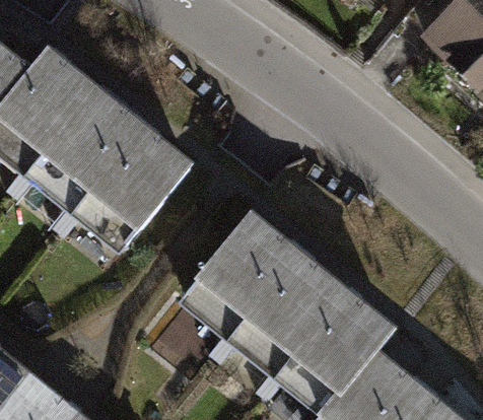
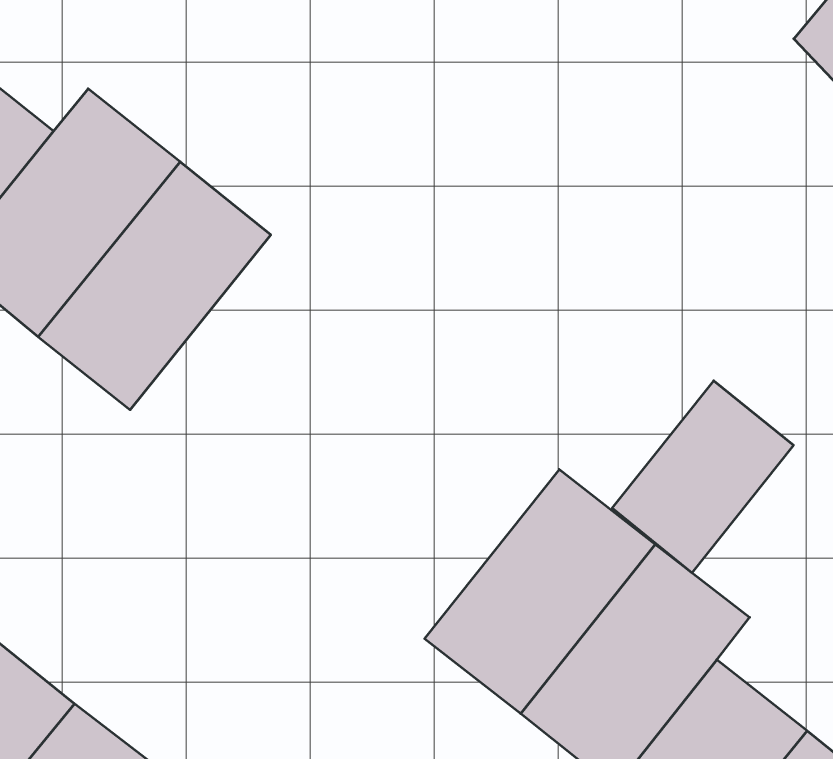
building: [73,130,196,261] -> none
building: none -> [612,381,793,573]
building: [180,215,299,343] -> none

